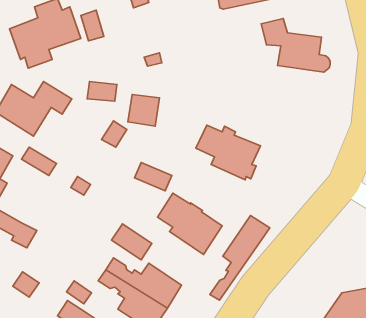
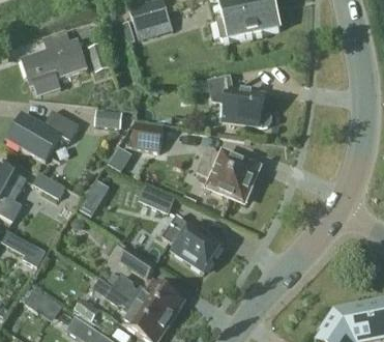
building: [261,18,330,72] -> [208,75,273,125]
building: [210,215,270,300] -> none

